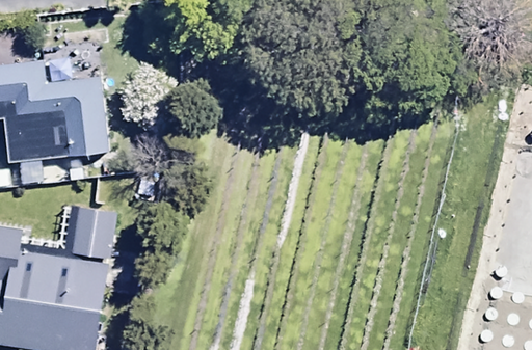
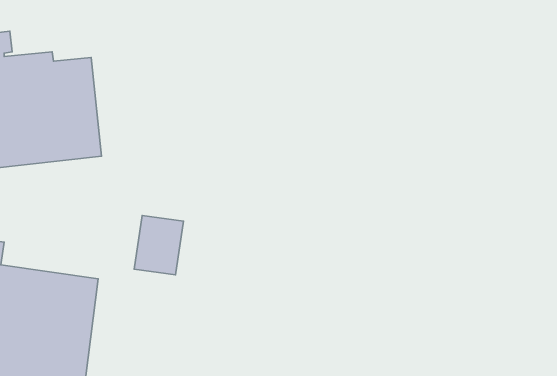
building: [70,204,114,258] -> [134,215,183,275]

